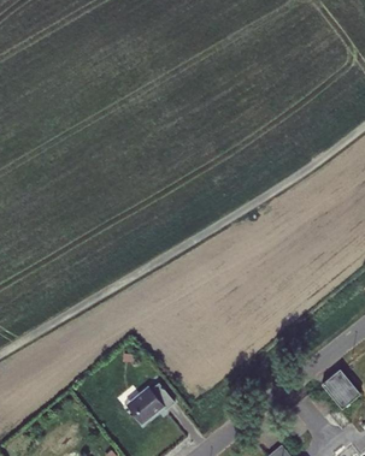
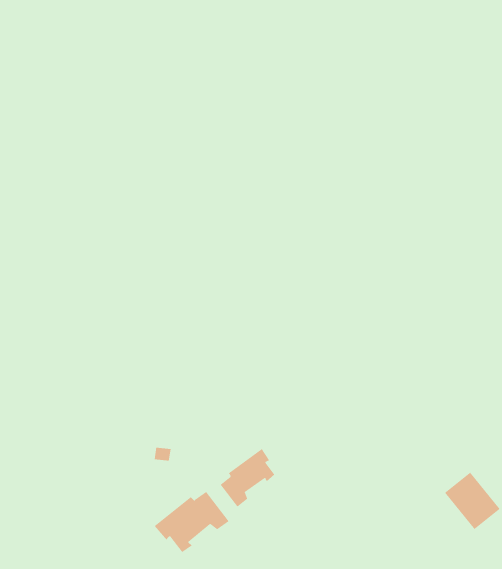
building: none -> [220,448,275,507]

